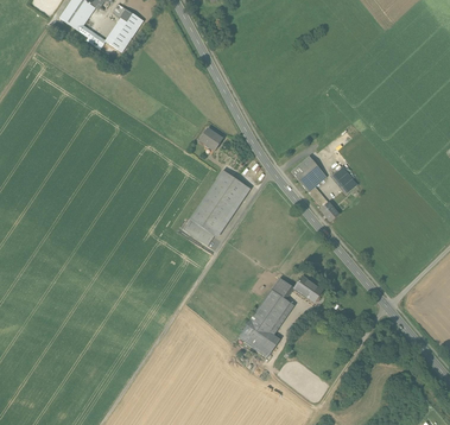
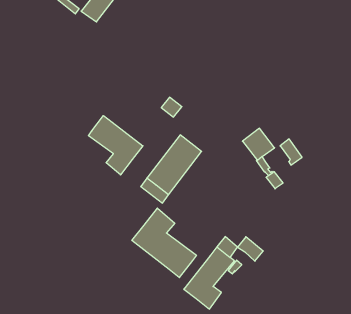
building: none -> [88,116,143,175]
building: none -> [132,208,196,278]

